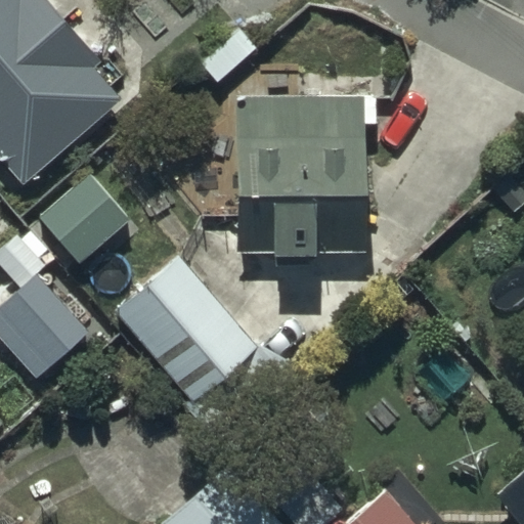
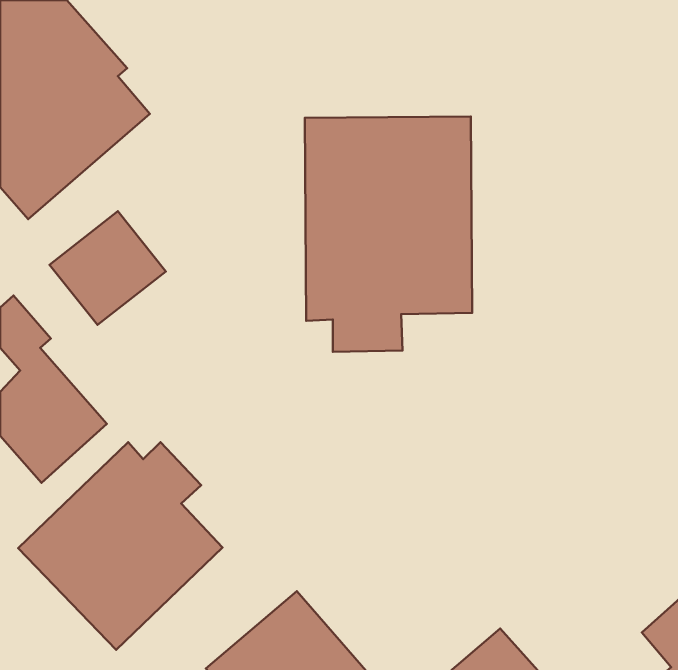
building: [115,258,285,429] -> none
building: none -> [18,442,223,650]

